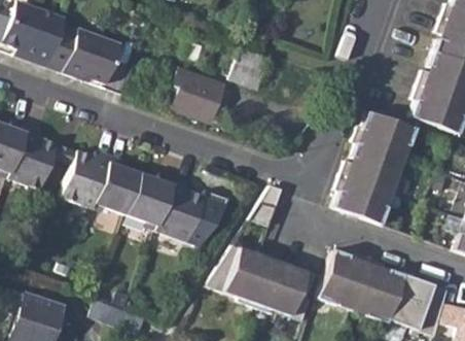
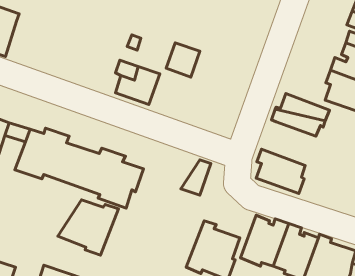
building: [51,28,126,86] -> none
building: [342,142,407,192] -> none
building: [208,244,277,307] -> [58,200,119,255]

